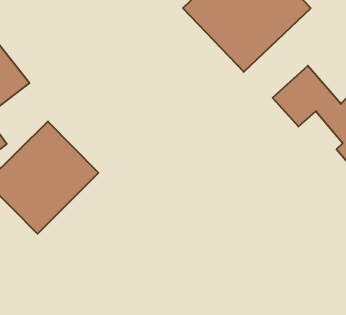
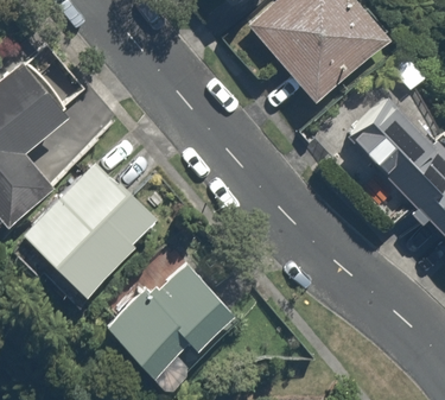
building: none -> [109,267,225,372]

